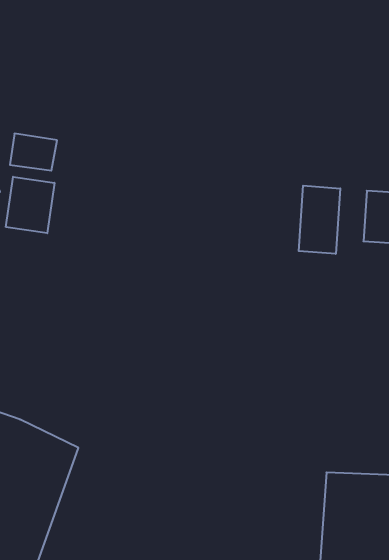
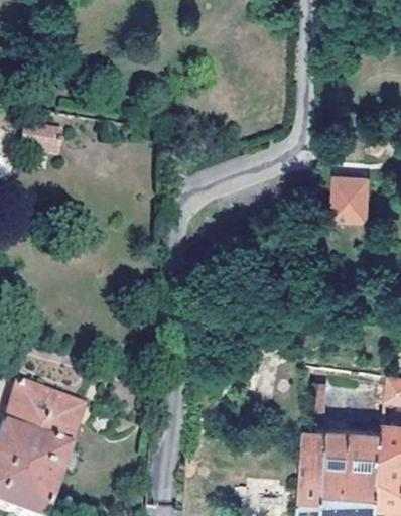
building: [6,177,54,233] -> none
building: [299,186,340,254] -> none

